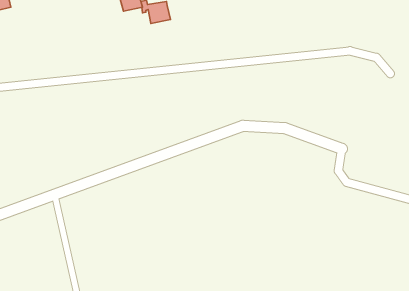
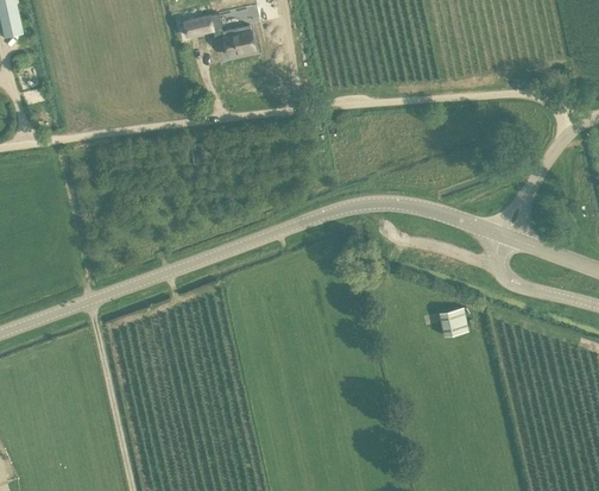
building: none -> [436,307,466,336]

